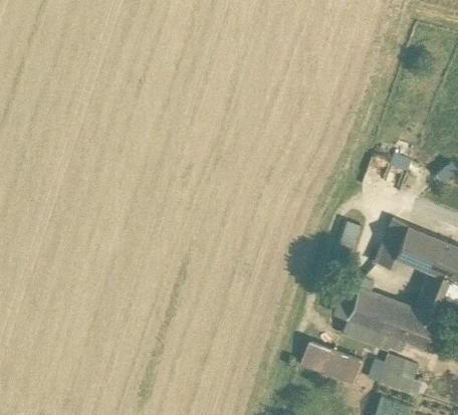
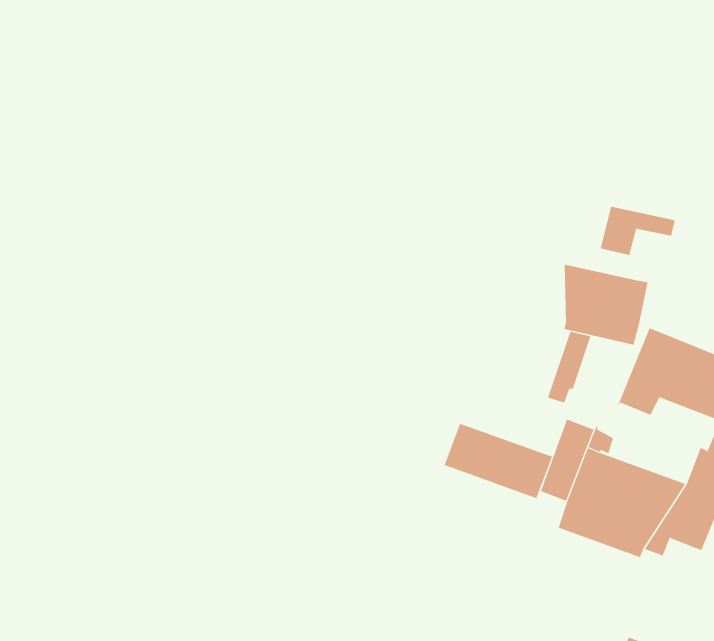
building: none -> [564,264,648,346]
building: [301,342,364,385] -> [444,423,553,499]
building: [381,355,420,392] -> none

